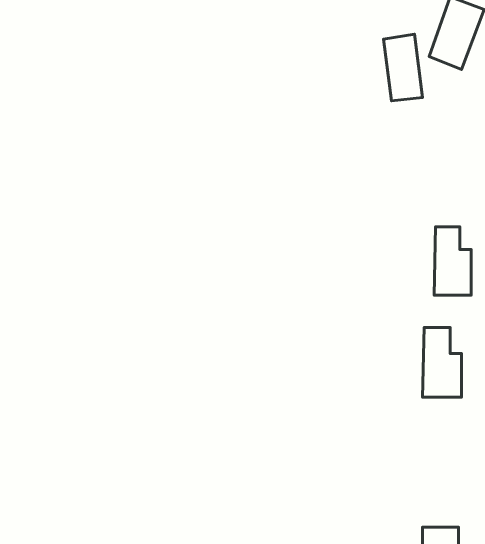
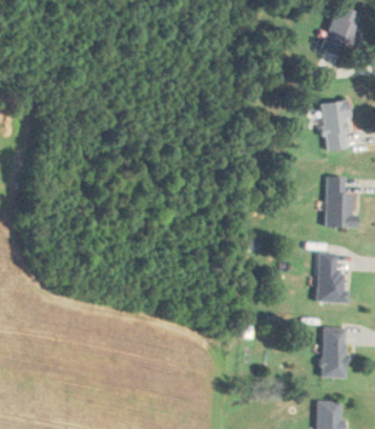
building: [384,34,422,101] -> [321,99,350,149]
building: none -> [322,327,346,377]

